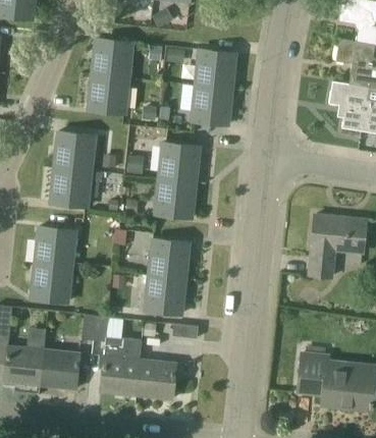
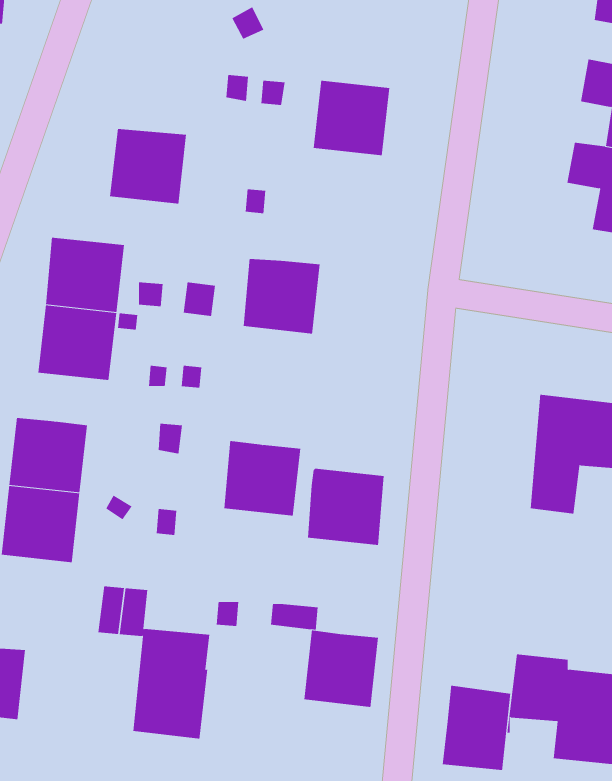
building: [92,39,132,78] -> none
building: [192,86,231,125] -> none
building: [154,179,195,219] -> none
building: [144,275,184,316] -> [307,468,385,546]
building: [40,349,79,390] -> none
building: [136,360,175,400] -> [303,630,379,707]
building: none -> [442,685,511,771]

